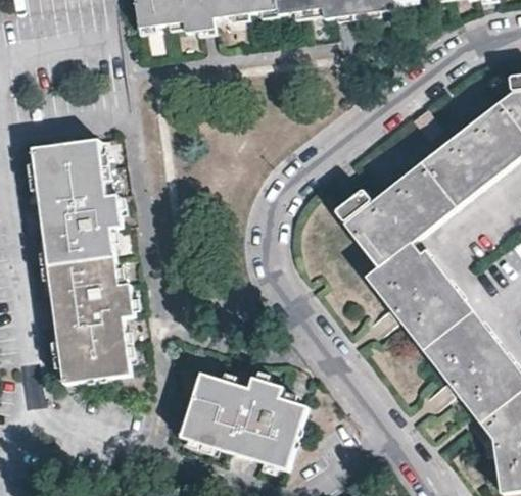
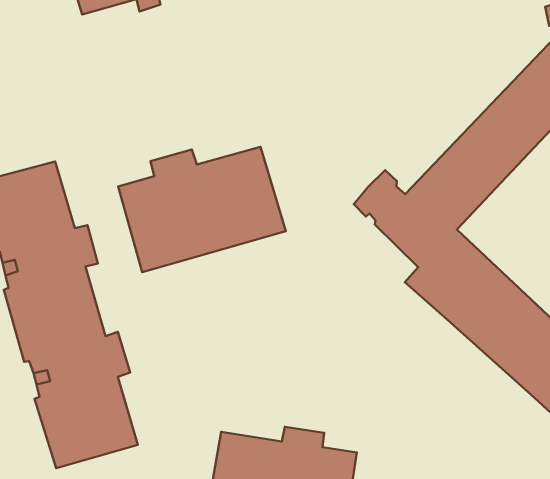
building: none -> [118,147,286,272]

